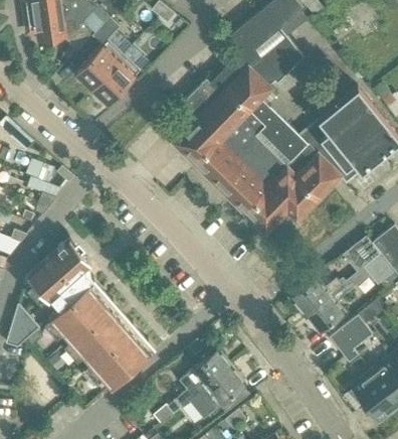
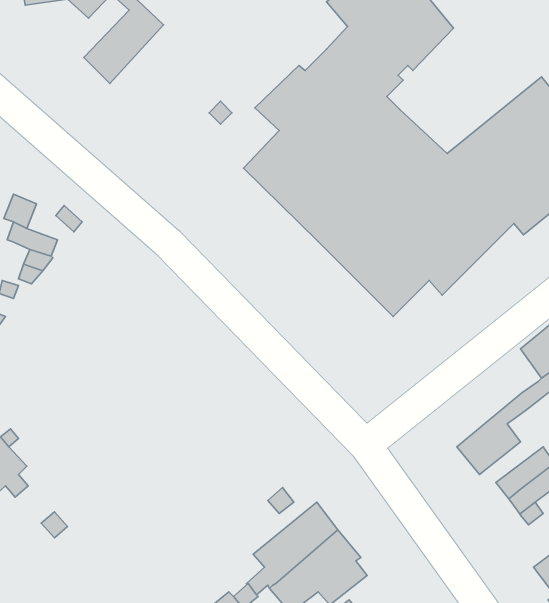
building: [90,54,140,106] -> none
building: [27,239,155,388] -> none
building: [291,278,345,315] -> none

